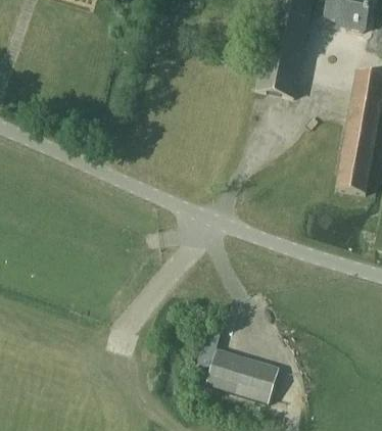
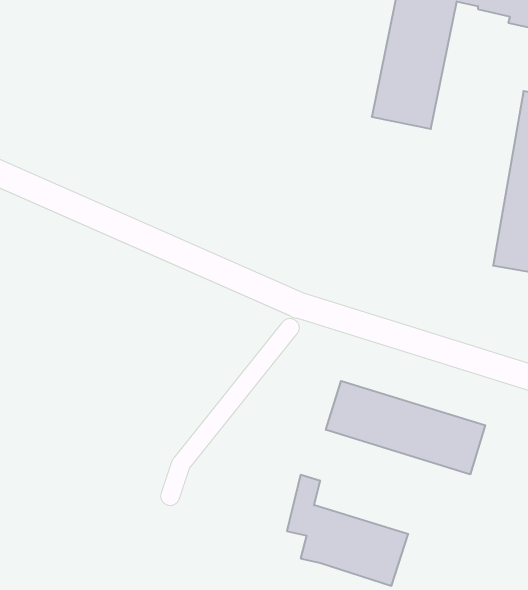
building: none -> [326,381,485,474]

